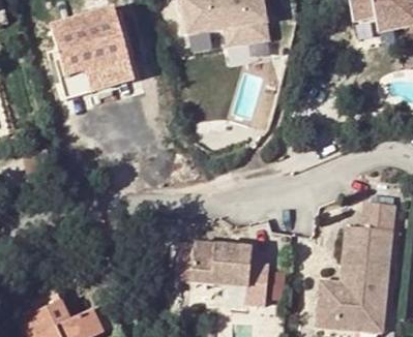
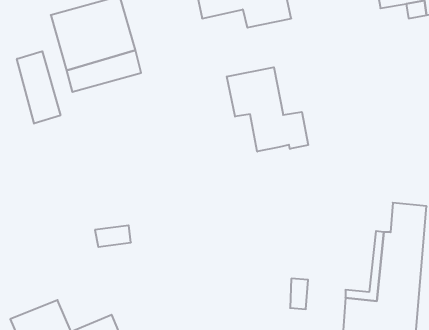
building: none -> [17,51,60,124]
building: none -> [227,67,308,152]
building: [189,244,267,305] -> none

